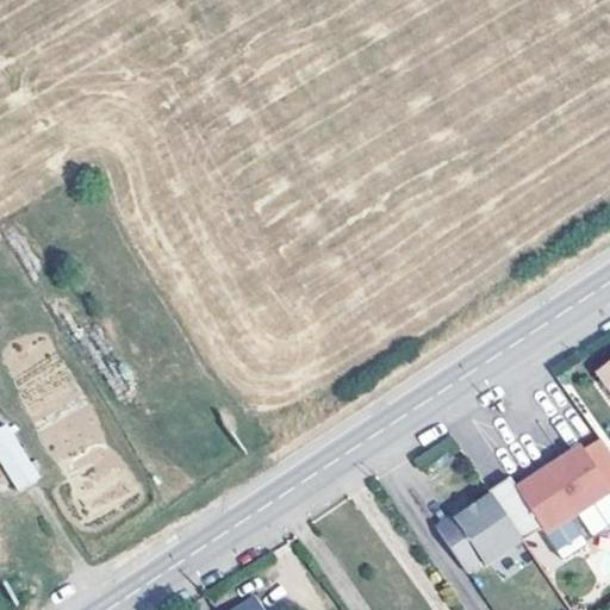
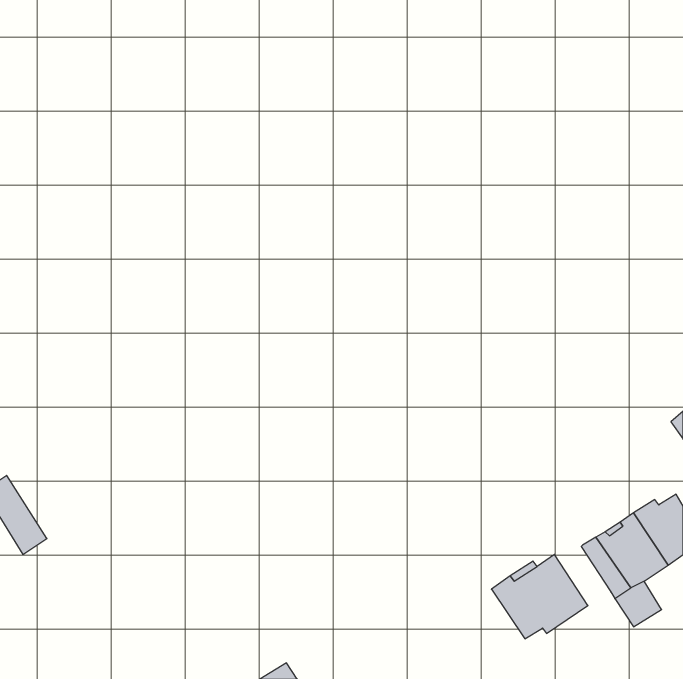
building: [490,474,543,539] -> none

